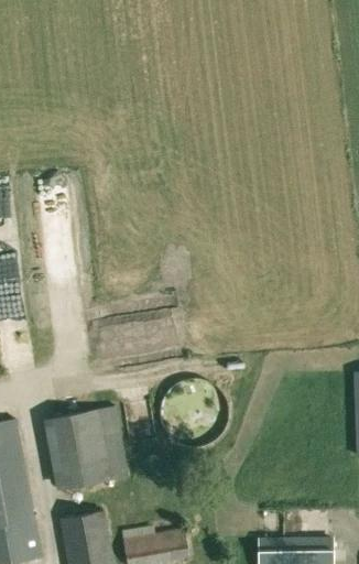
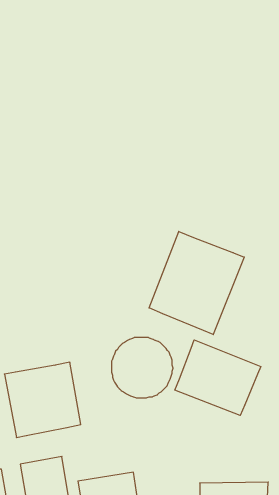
building: none -> [149,231,244,335]
building: none -> [175,340,261,415]

